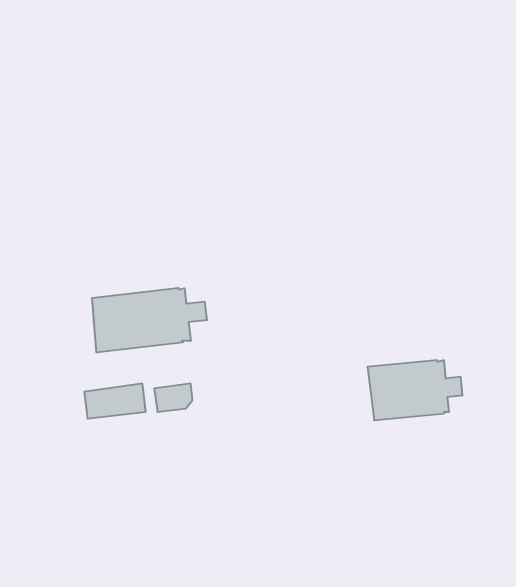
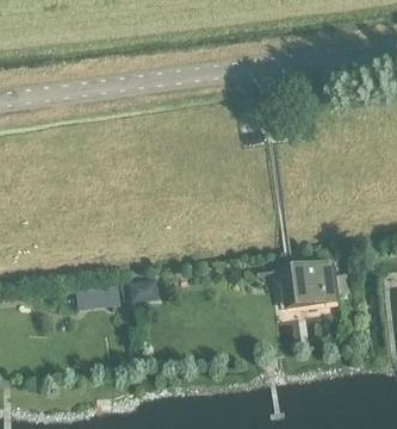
building: [92,288,207,353] -> none

